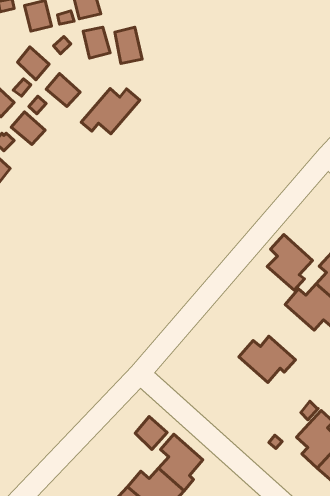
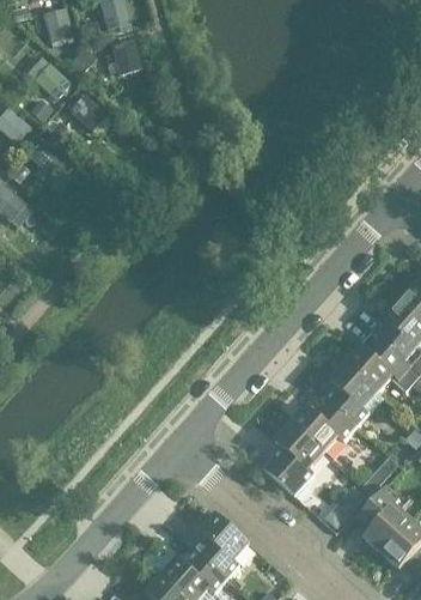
building: [115,27,142,64] -> none
building: [81,89,140,134] -> none
building: [267,235,313,290] -> [325,363,378,428]
building: none -> [263,424,324,496]
building: [135,417,167,449] -> none

